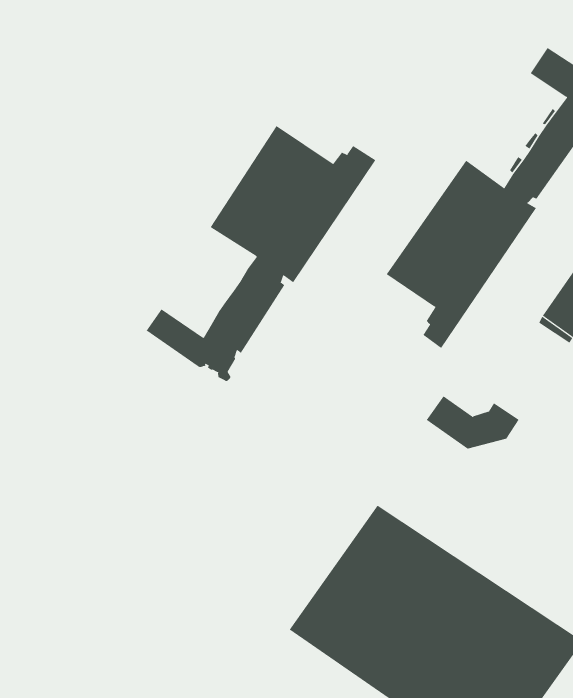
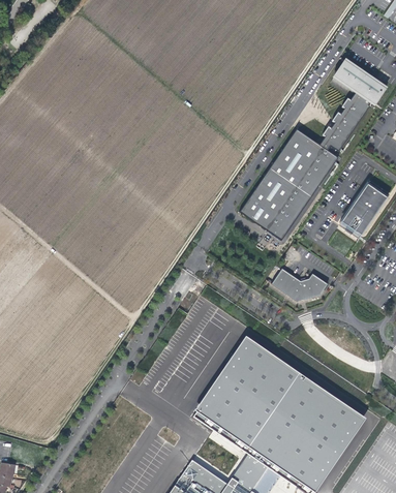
building: [146,125,376,382] -> none
building: none -> [240,196,278,233]

